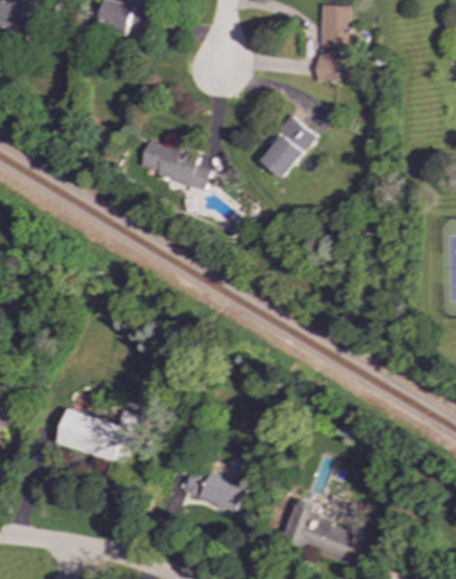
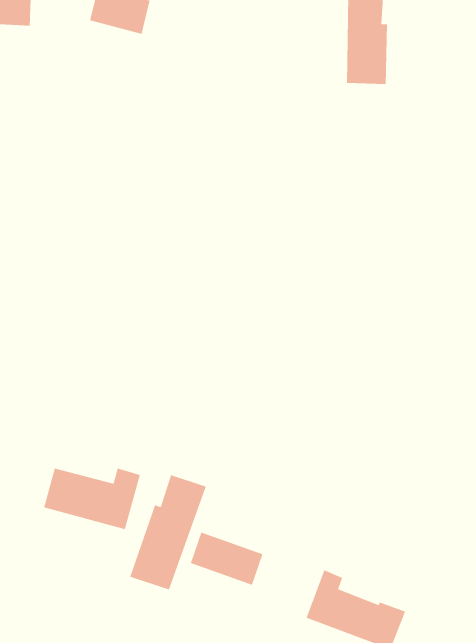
building: [257,116,314,177] -> none
building: [137,139,210,188] -> none
building: none -> [129,474,207,591]

